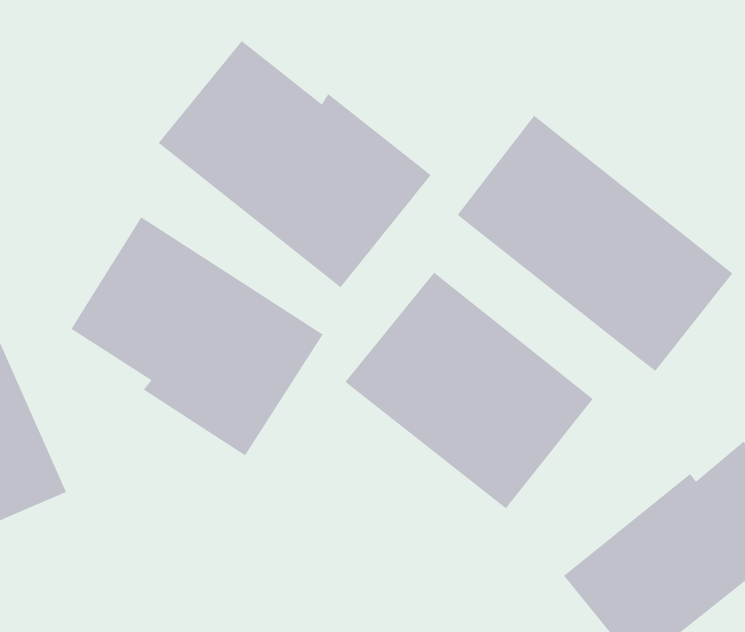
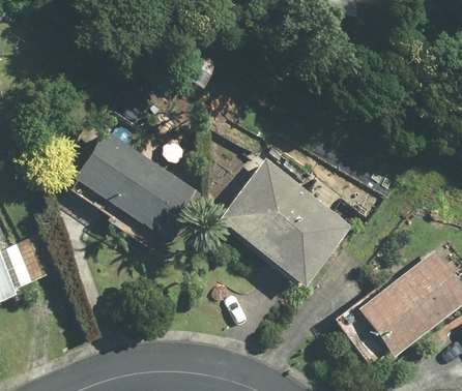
building: [158,40,431,288] -> none
building: [457,115,733,372] -> none

